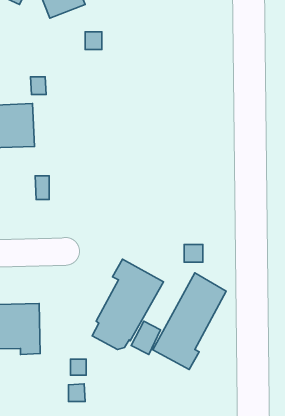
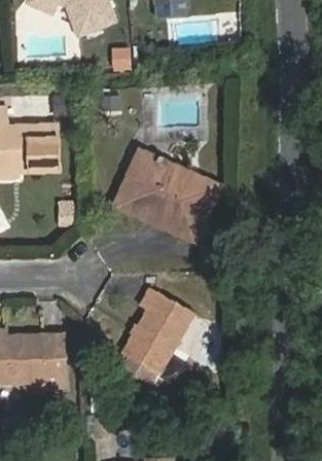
building: none -> [118,157,217,240]
building: [153,273,226,370] -> none

